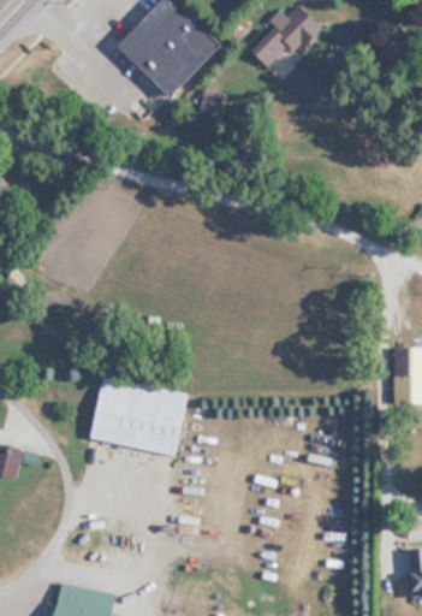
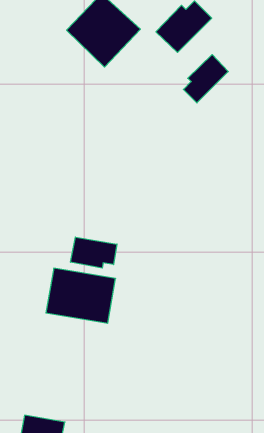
building: none -> [183,55,228,103]
building: none -> [71,237,117,268]

